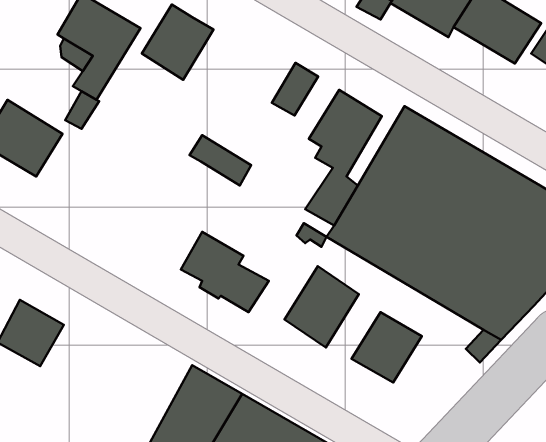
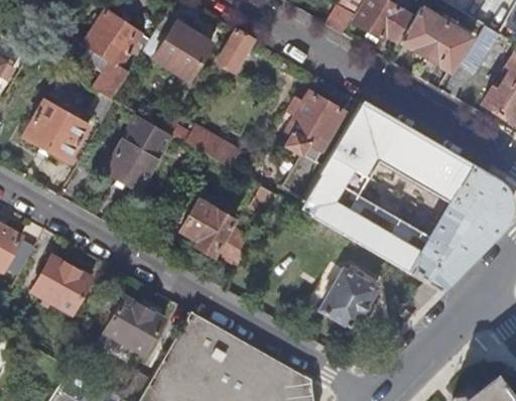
building: [272,63,318,116] -> [215,28,252,71]
building: none -> [104,111,170,187]
building: [284,266,359,347] -> none
building: none -> [106,299,163,355]

